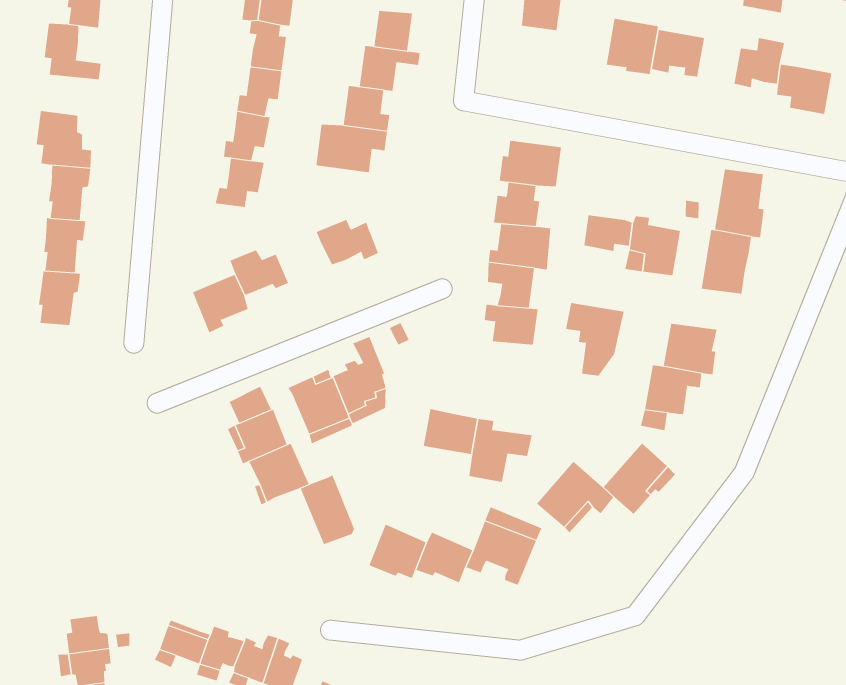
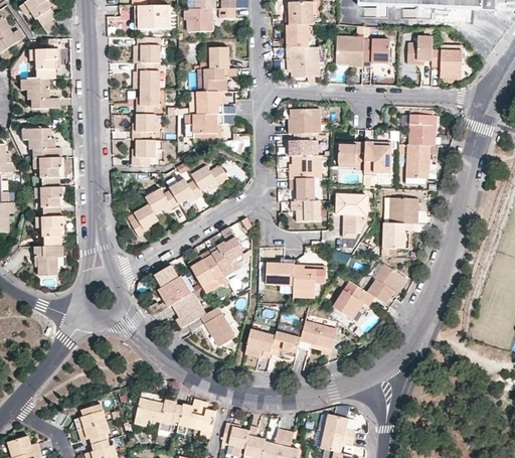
building: none -> [288,46,320,77]
building: none -> [169,178,203,204]
building: none -> [36,244,67,274]

